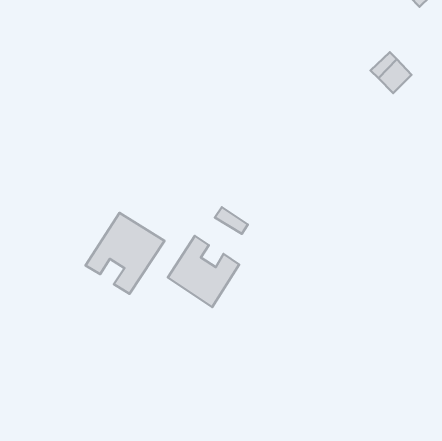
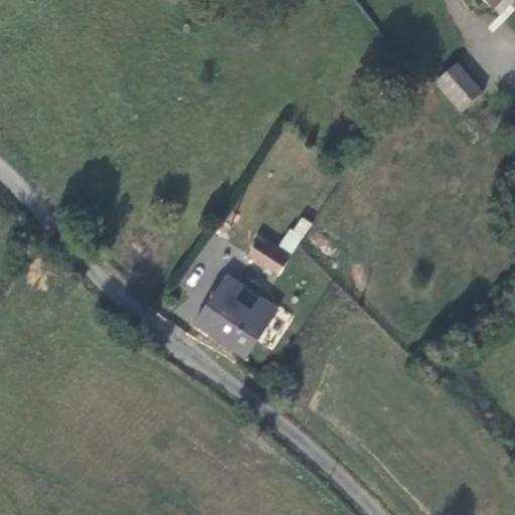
building: [86,213,165,294] -> none

